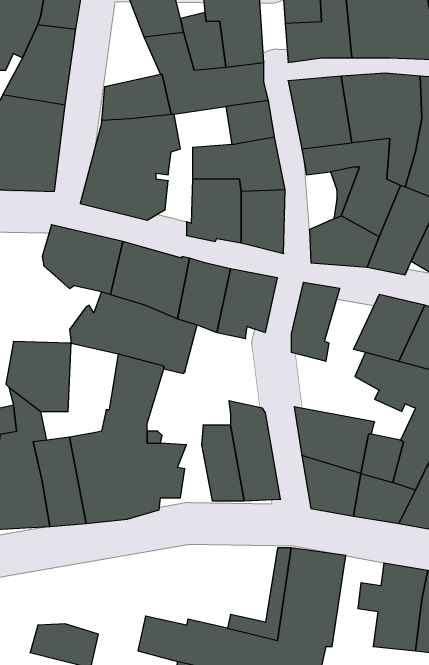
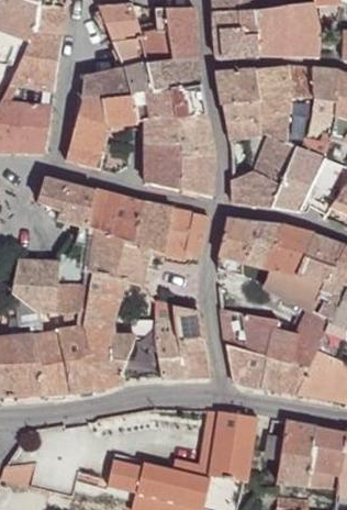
building: none -> [133,90,175,121]
building: none -> [242,222,281,266]
building: none -> [56,262,92,312]

